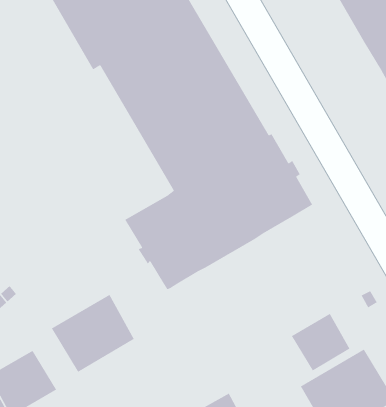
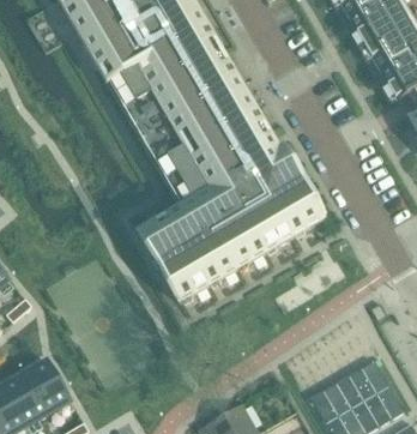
building: [51,294,135,373] -> none
building: [291,313,350,371] -> none

